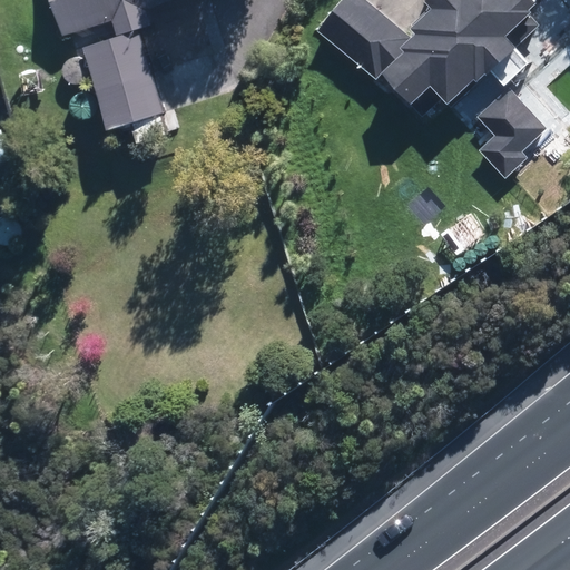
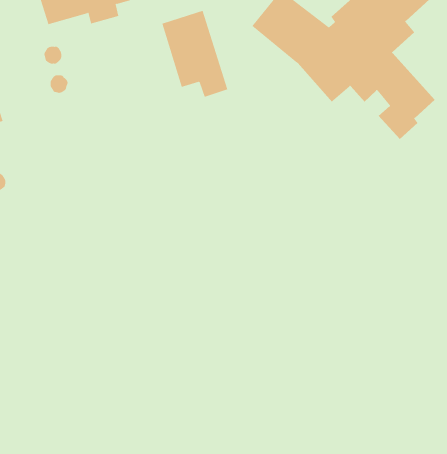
building: [83,29,167,138] -> [162,10,228,97]

